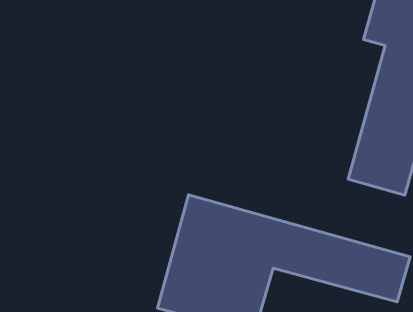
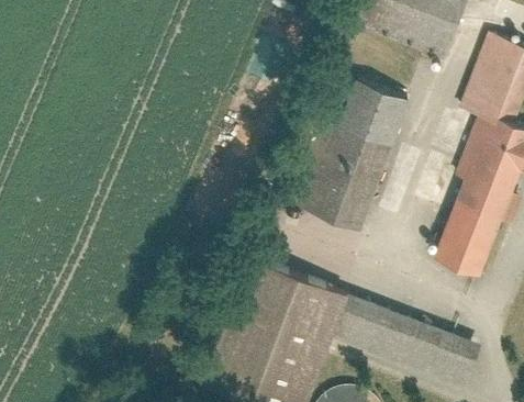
building: none -> [276,77,414,230]

